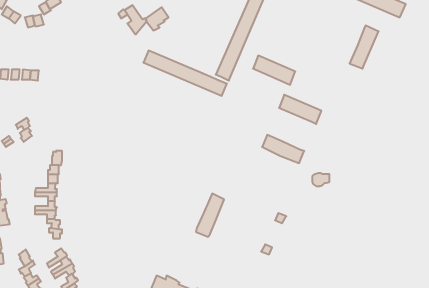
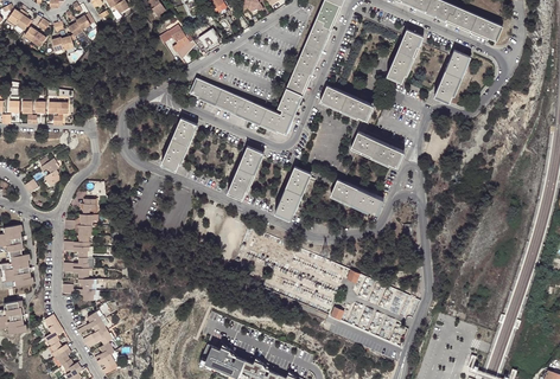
building: none -> [387,30,421,81]
building: none -> [161,117,196,168]
building: none -> [228,146,261,197]
building: [196,194,224,237] -> [275,166,308,217]

